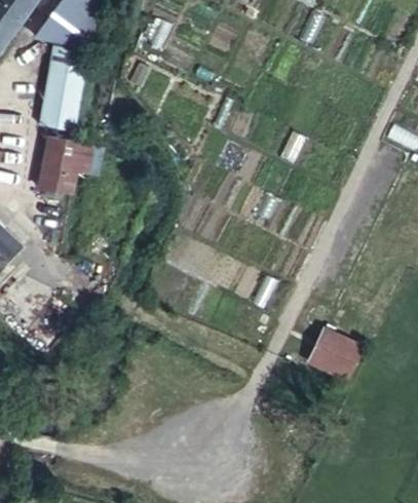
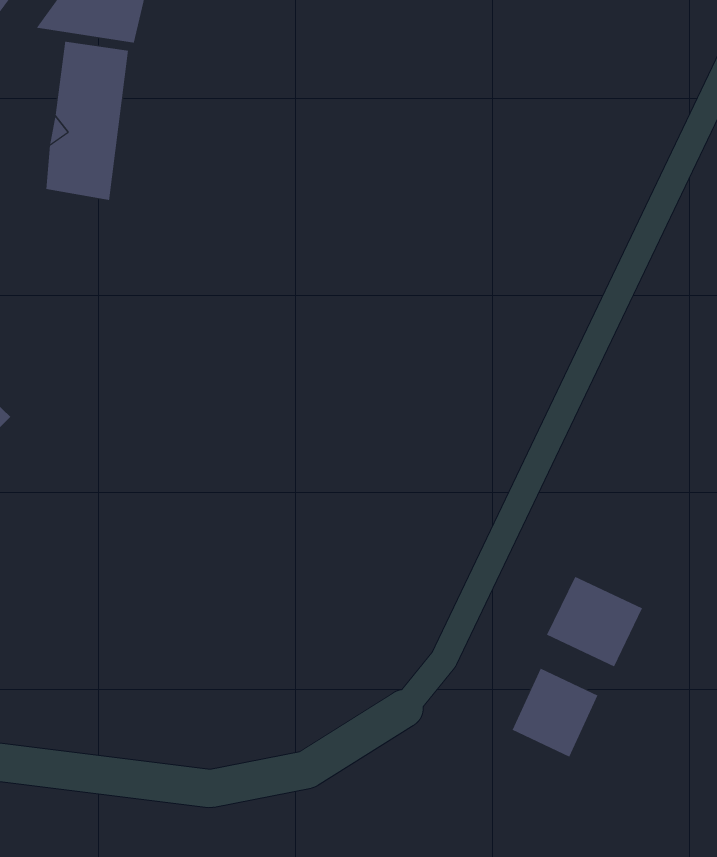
building: [39,139,102,194] -> none
building: none -> [512,668,598,757]

